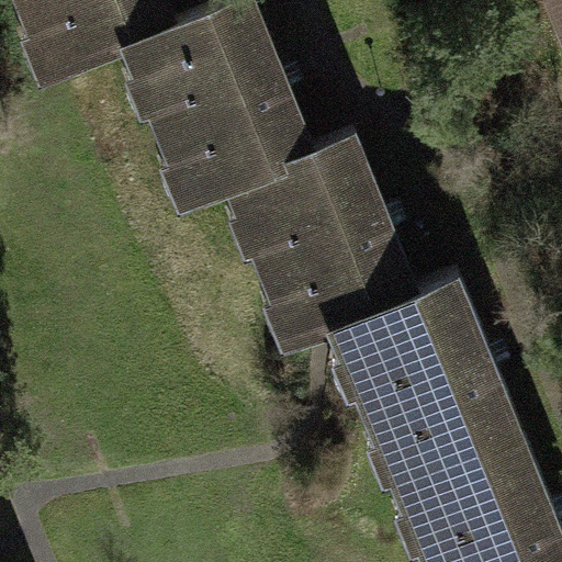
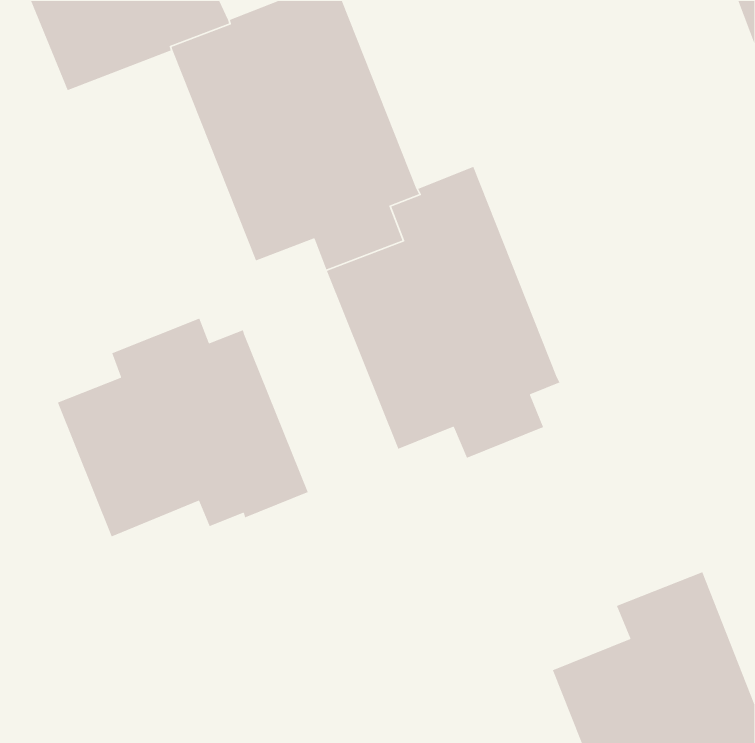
building: none -> [57,318,309,537]
building: [342,276,516,507] -> none

